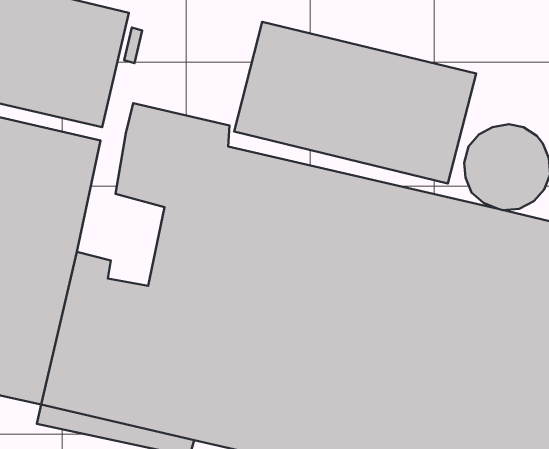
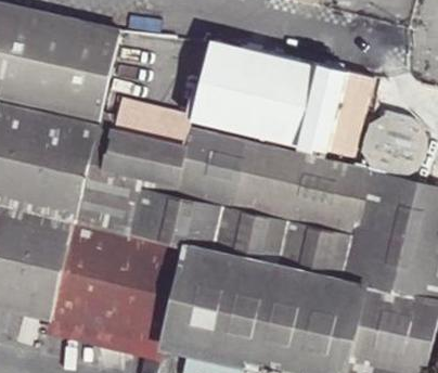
building: none -> [80,116,144,232]

